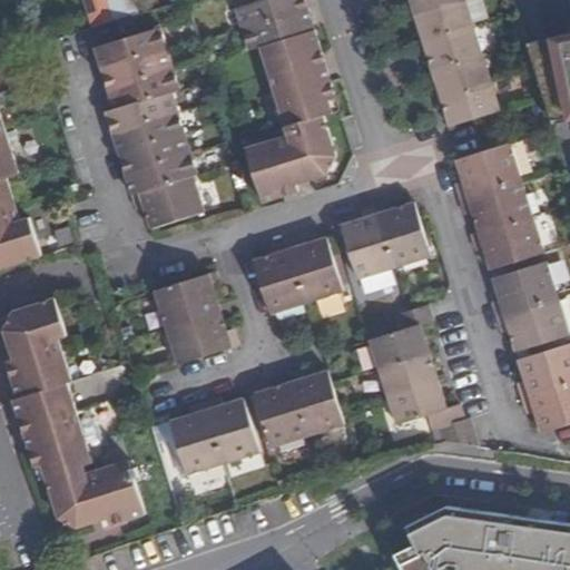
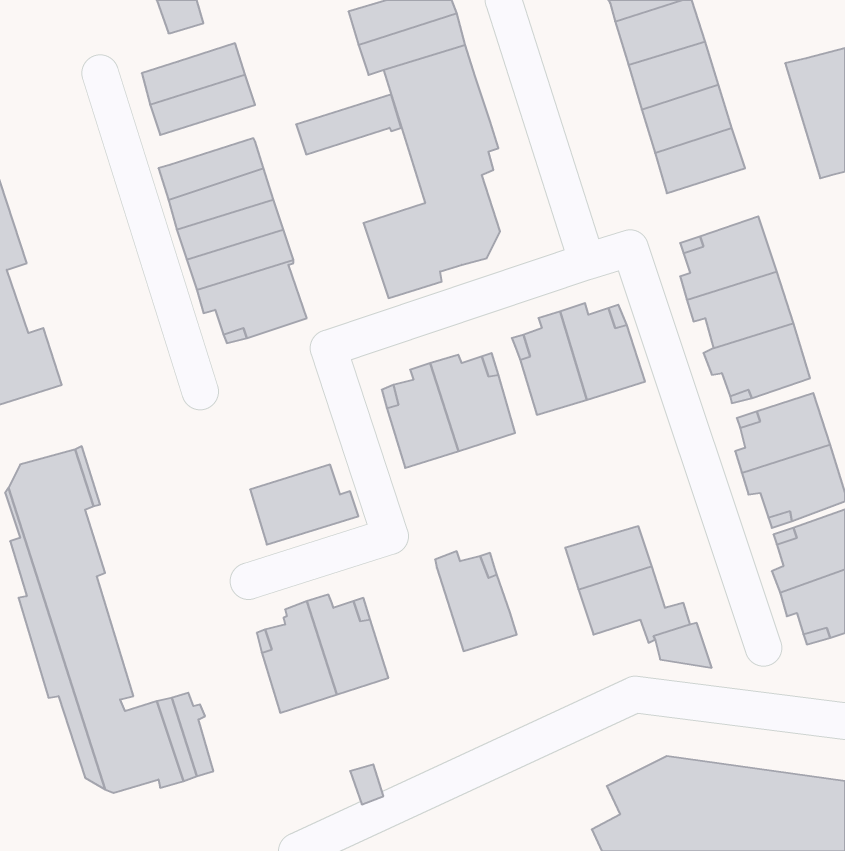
building: [107,70,177,110] -> [296,94,401,154]
building: [156,272,222,327] -> none
building: [368,304,432,366] -> none
building: [252,380,309,446] -> none

